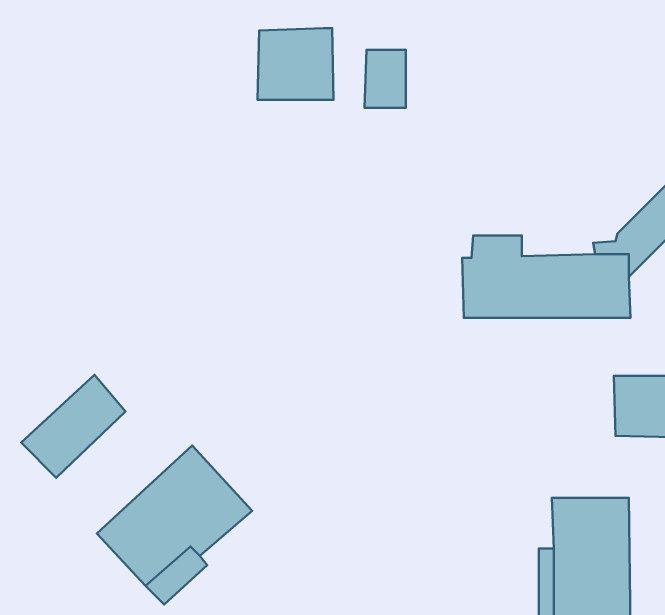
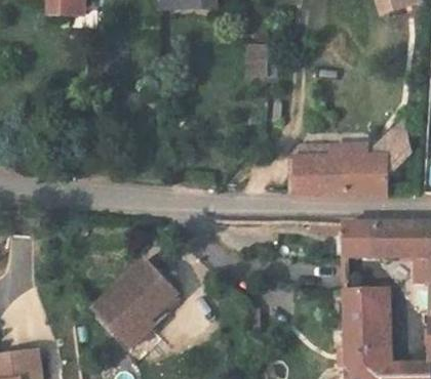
building: [258,28,334,100] -> none
building: none -> [319,222,380,257]
building: [21,375,126,478] -> none

